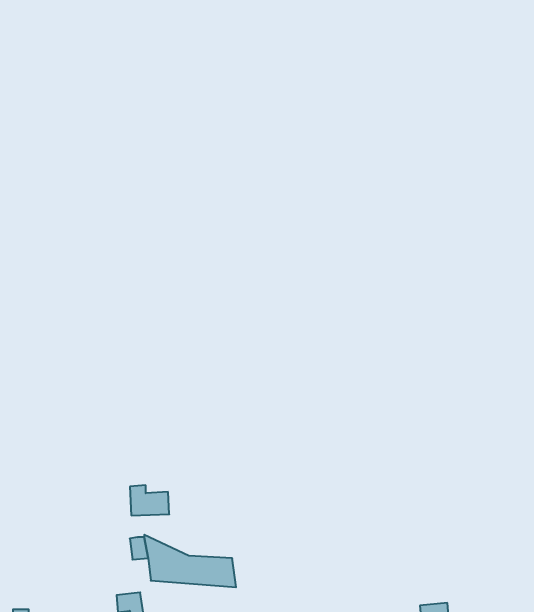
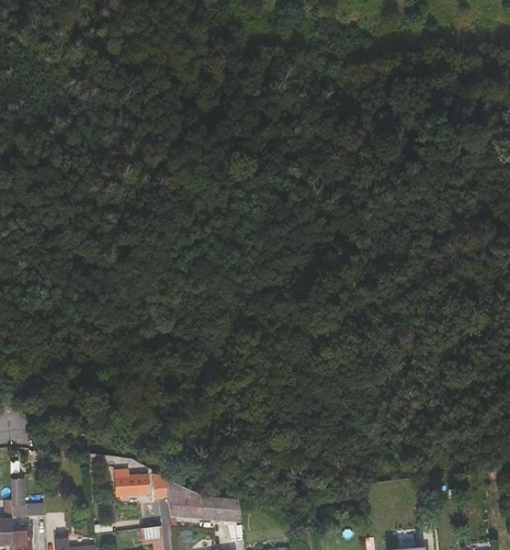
building: [130,485,169,515] -> [115,470,148,495]

